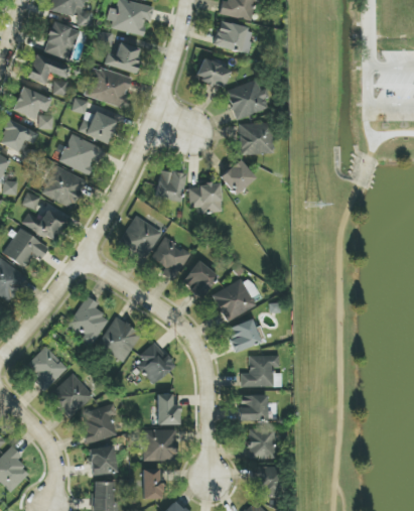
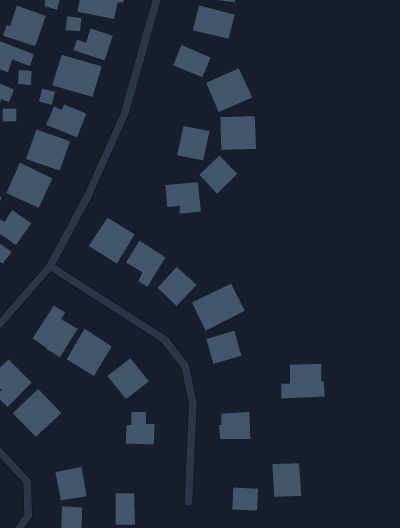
building: [155,169,186,203] -> [176,125,210,161]
building: [241,355,282,388] -> [280,363,325,399]
building: [82,403,117,444] -> none
building: [248,427,276,460] -> [271,462,302,498]
building: [143,429,176,461] -> none

